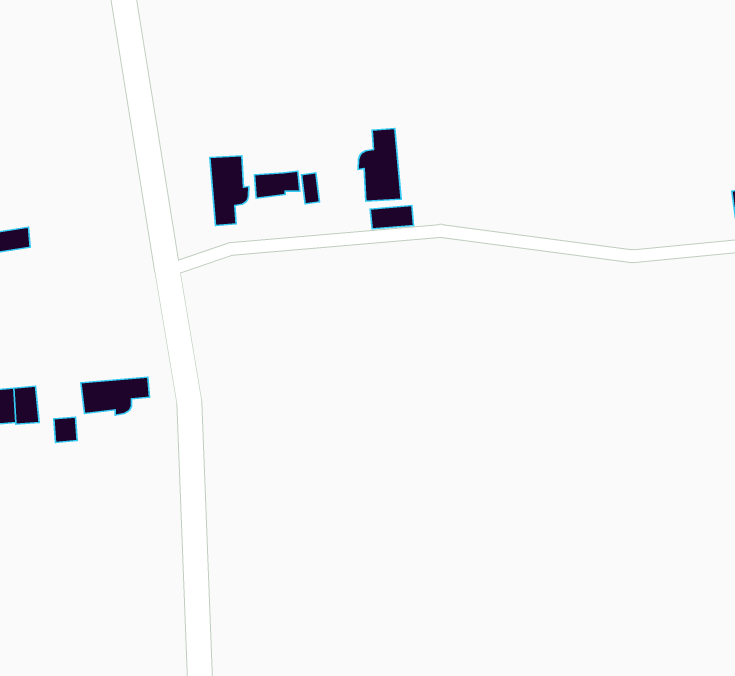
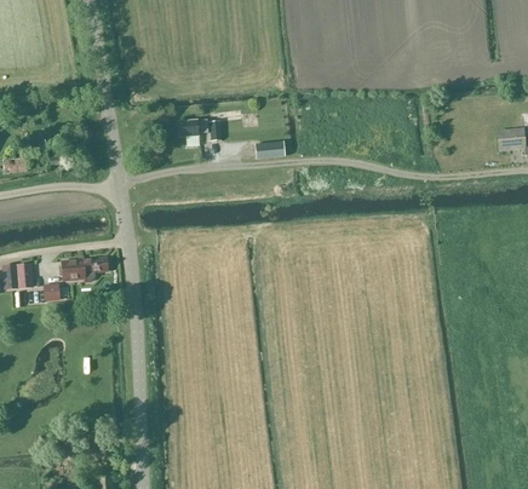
building: [358,128,401,201] -> none
building: [210,156,249,225] -> none

